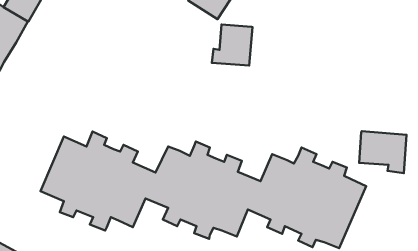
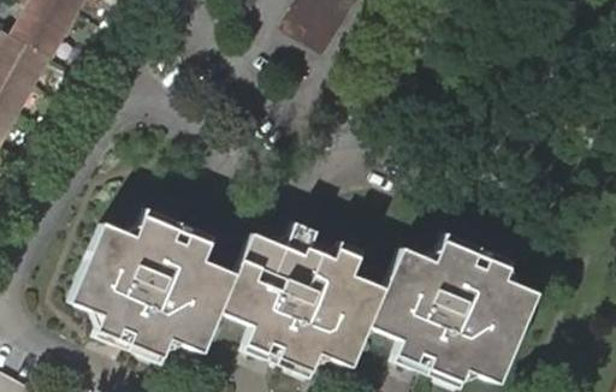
building: [212,25,252,66] -> none
building: [359,131,406,173] -> none

